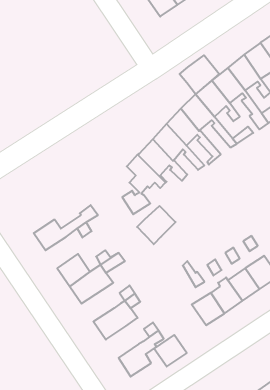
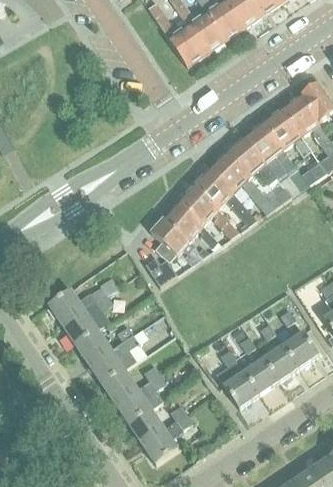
building: [180,55,219,94] -> none
building: [137,206,176,244] -> none
building: none -> [61,309,97,344]
building: none -> [101,368,137,403]
building: [154,335,187,367] -> [128,408,164,443]

